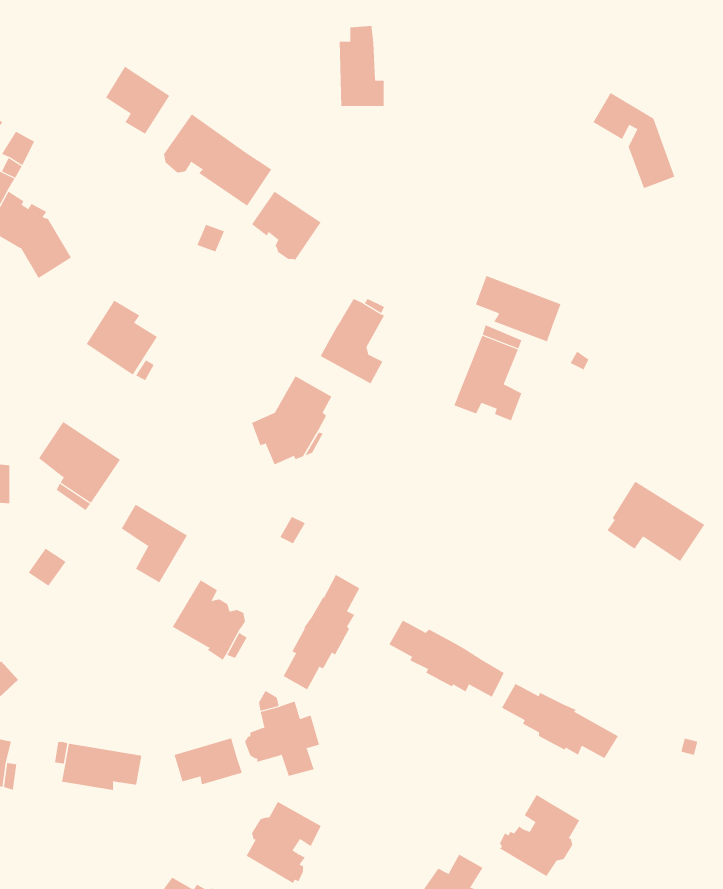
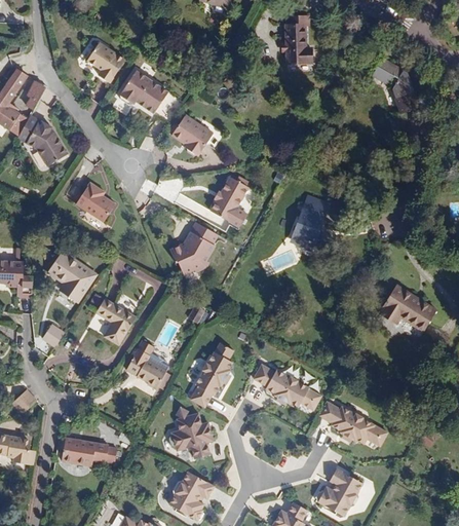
building: [339,25,385,106] -> [284,14,311,62]
building: [475,275,561,342] -> none
building: [174,737,243,785] -> none

